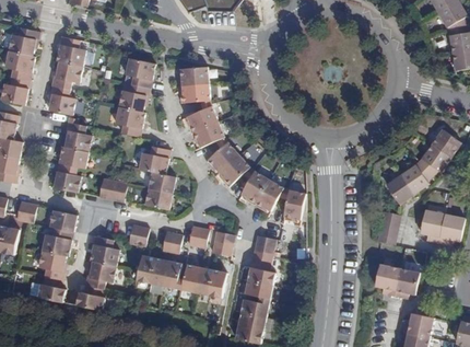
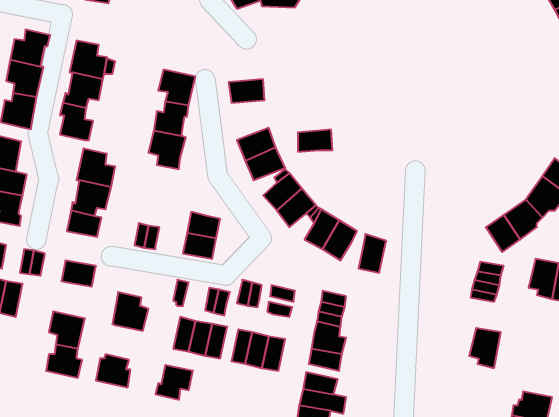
building: [184,83,211,101] -> [298,130,332,152]
building: [139,146,171,175] -> none
building: [43,228,73,256] -> none
building: [84,262,114,289] -> [156,365,193,400]
building: [391,267,418,298] -> none

